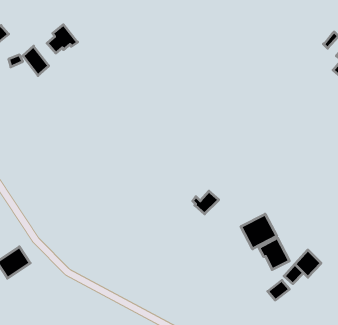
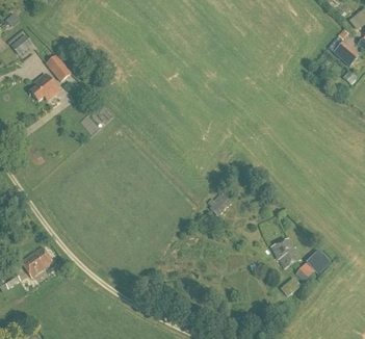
building: [47,25,78,53] -> [29,73,58,100]
building: [241,214,277,249] -> none

